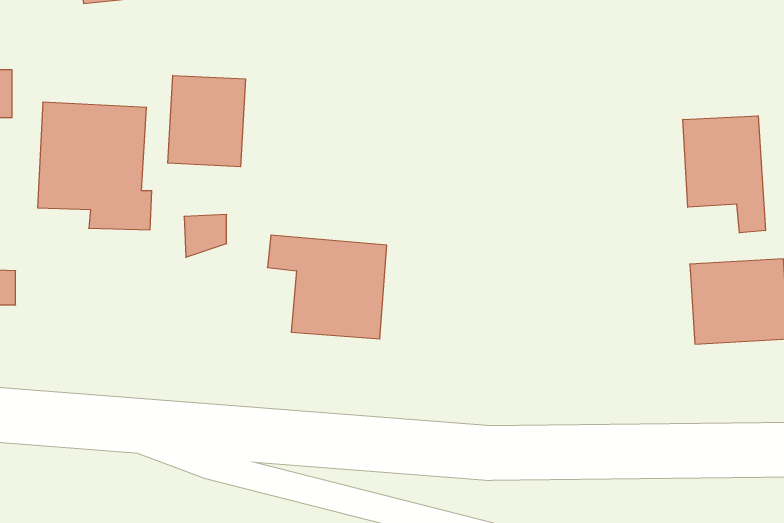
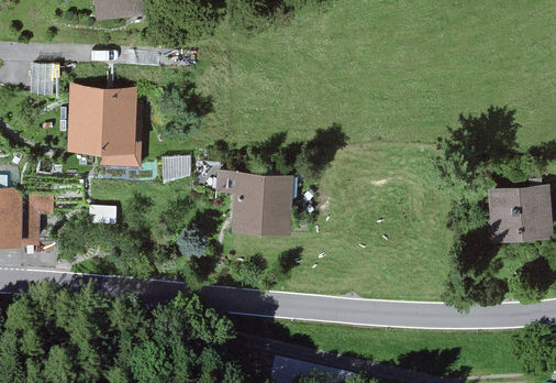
building: [168,75,245,167] -> none
building: [683,116,765,233] -> none

